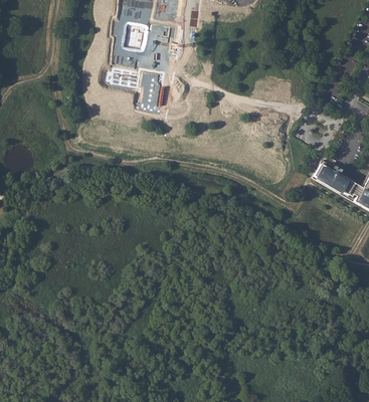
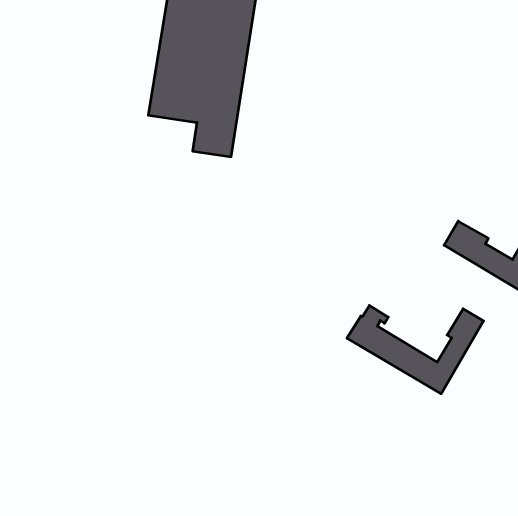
building: none -> [347,305,484,394]

